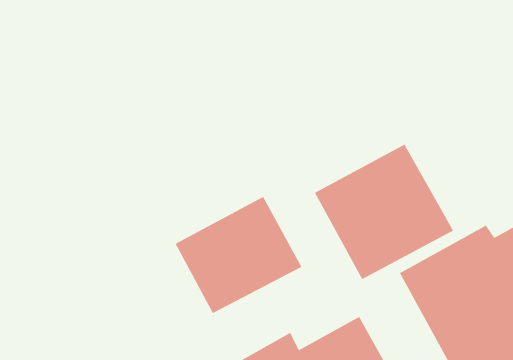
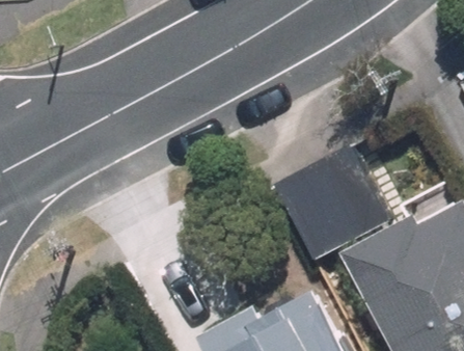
building: [174,196,302,314] -> none

